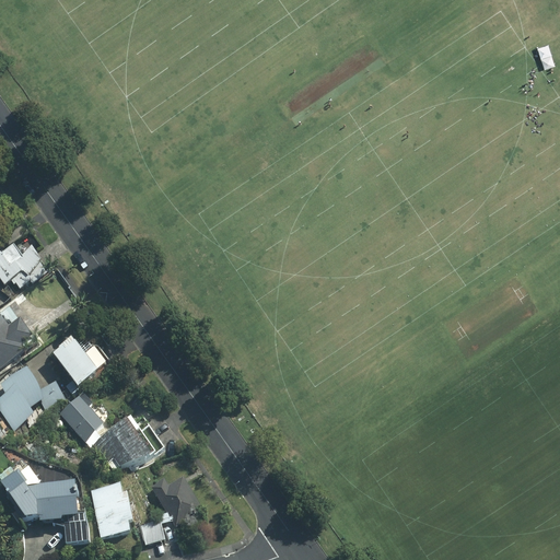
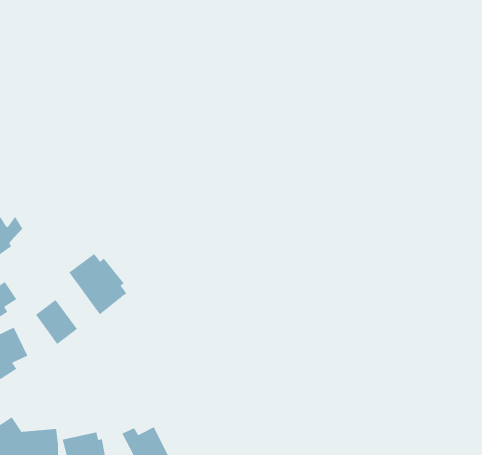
building: none -> [68,253,127,315]
building: [56,395,104,443] -> none
building: [84,415,158,469] -> none

